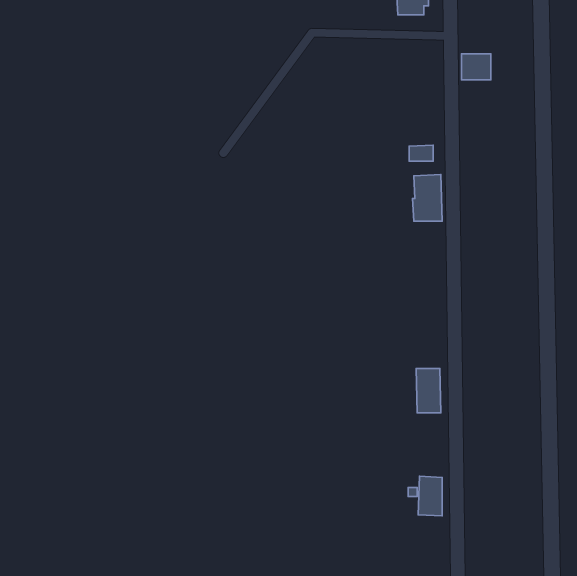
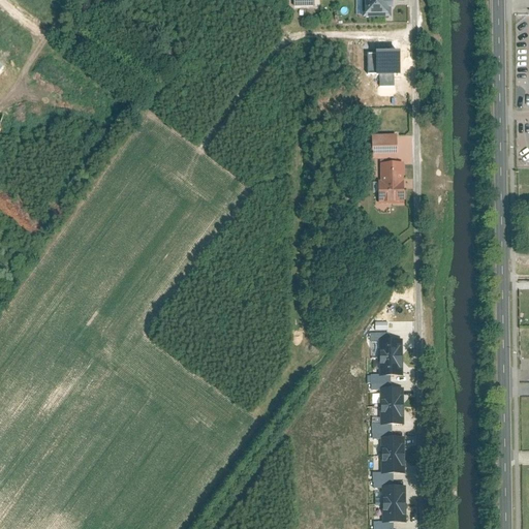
building: [461,54,491,80] -> [368,51,395,74]
building: none -> [380,386,403,425]
building: none -> [383,483,404,521]

